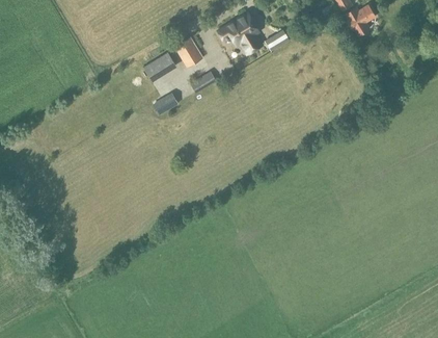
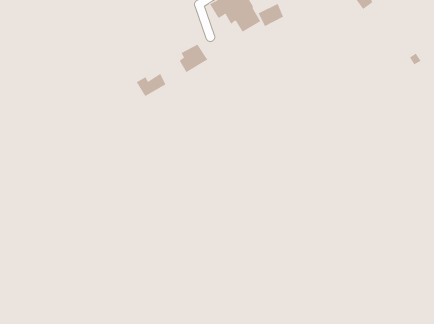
building: [173,36,202,68] -> none
building: [143,52,176,82] -> none

